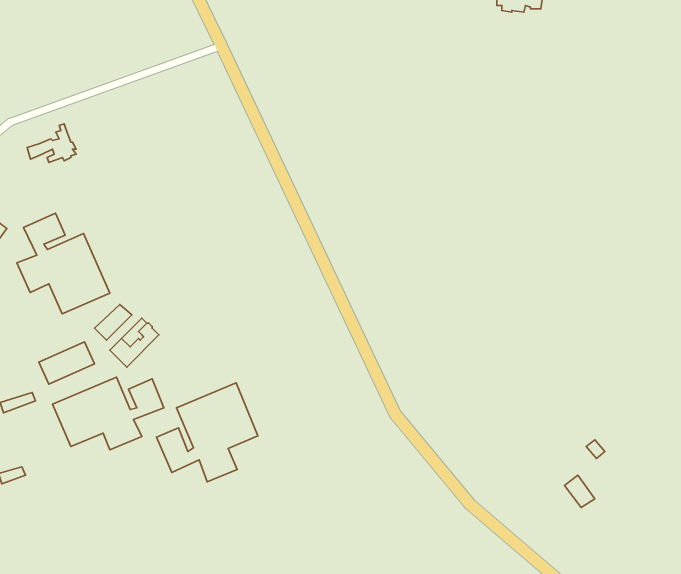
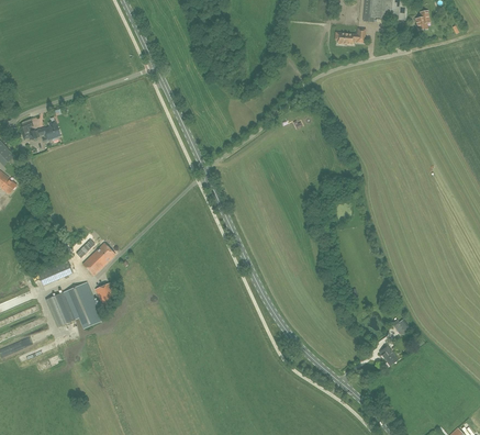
building: [17,213,110,314] -> none
building: [156,383,258,482] -> none

